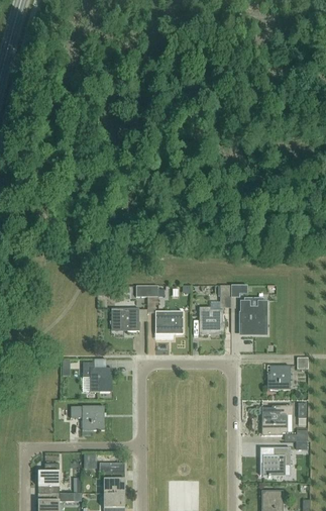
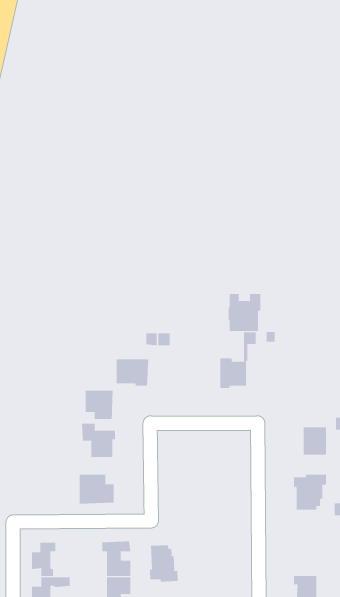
building: [239,300,267,332] -> [228,293,261,332]
building: [155,310,183,333] -> none
building: none -> [85,390,113,420]
building: [259,446,290,476] -> none
building: none -> [149,544,178,582]

